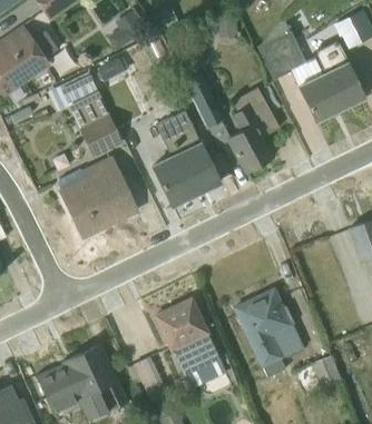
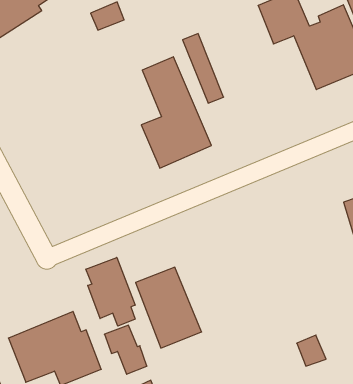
building: [59,72,124,157] -> none
building: [227,88,278,172] -> none
building: [57,156,137,236] -> none
building: [234,289,305,377] -> none
building: none -> [86,257,135,326]

